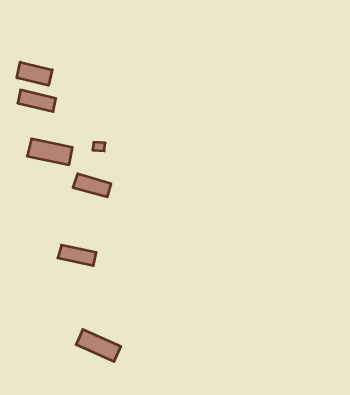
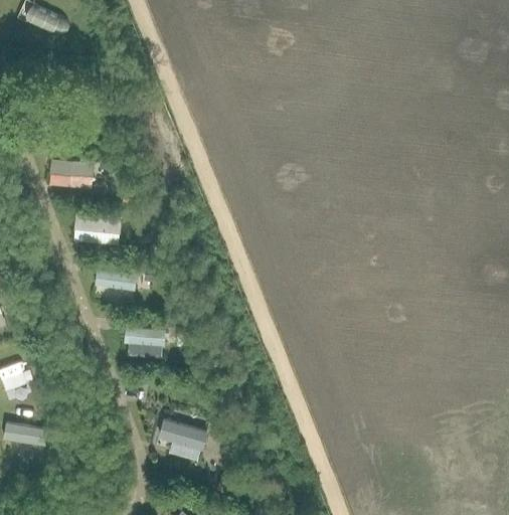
building: [17,62,52,85] -> none
building: [73,174,111,197] -> [94,272,136,293]

